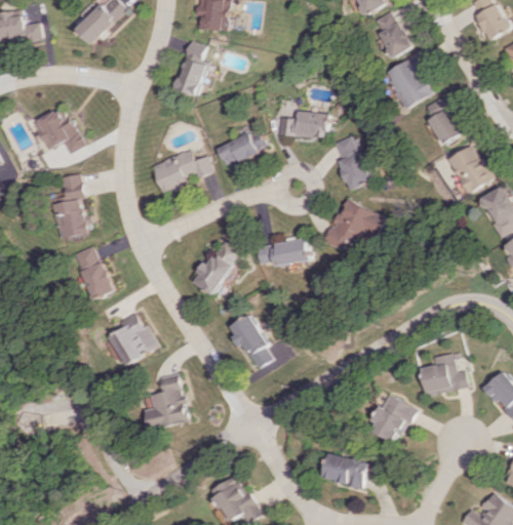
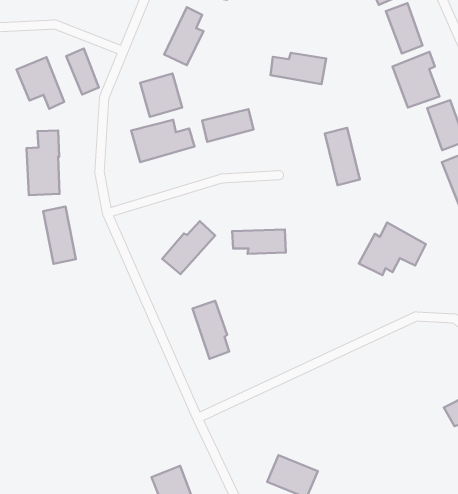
building: none -> [66,49,99,94]
building: none -> [140,73,182,117]
building: [275,112,325,137] -> [270,53,326,84]
building: [324,201,385,251] -> [359,223,426,275]
building: [109,312,158,366] -> none
building: [419,352,466,396] -> none
building: [143,374,187,431] -> none
building: [369,395,415,444] -> none

